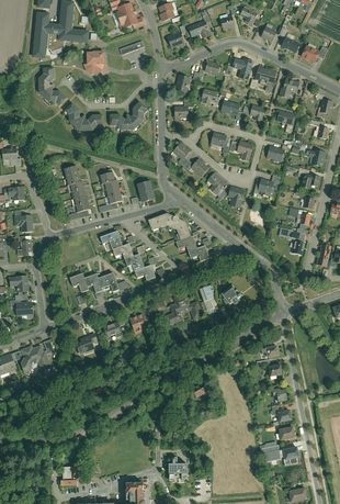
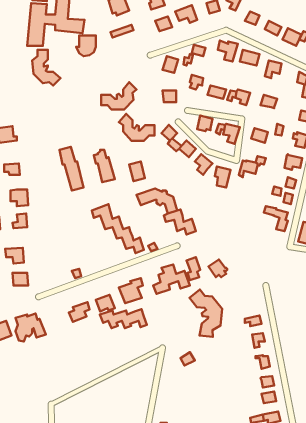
building: [64,100,101,128] -> [119,114,154,141]
building: [68,270,117,290] -> [100,309,147,328]
building: none -> [189,290,222,337]

